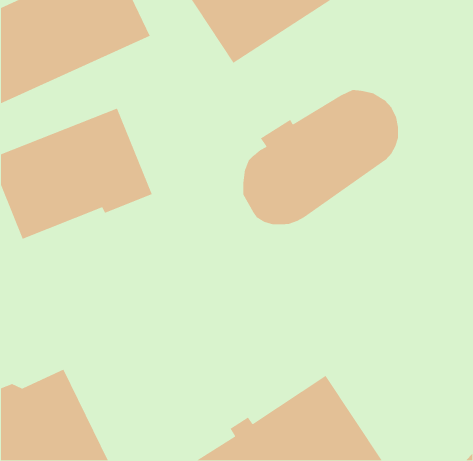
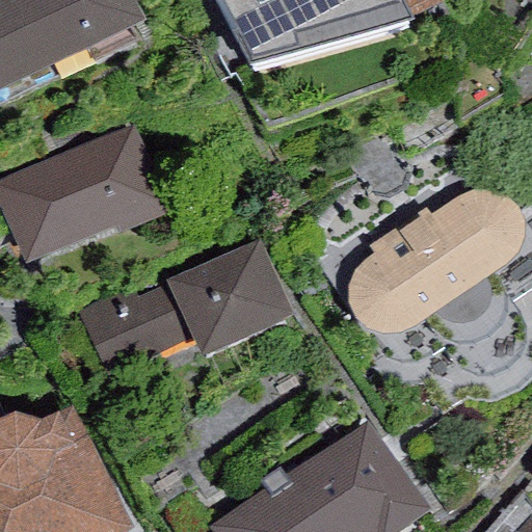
building: [242,89,399,225] -> [347,185,523,338]
building: none -> [75,242,294,374]

